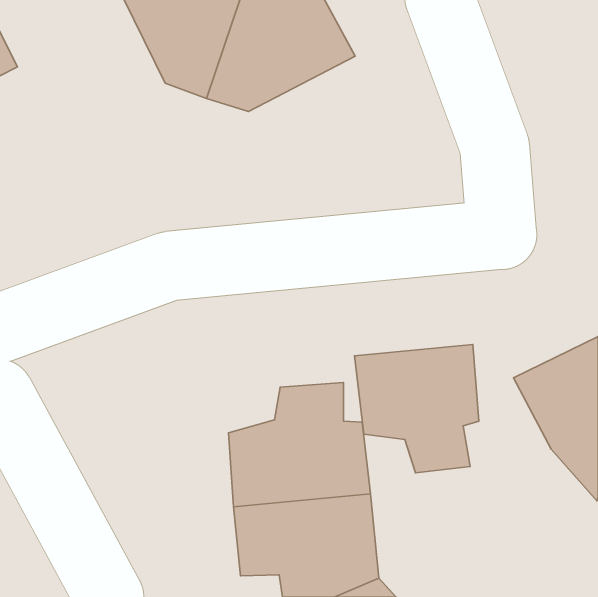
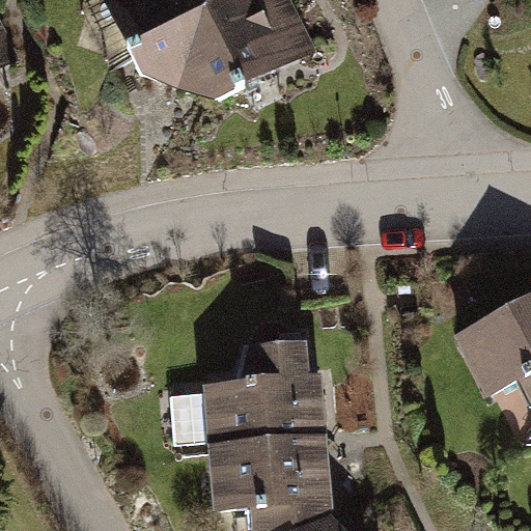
building: [354,345,479,473] -> none

